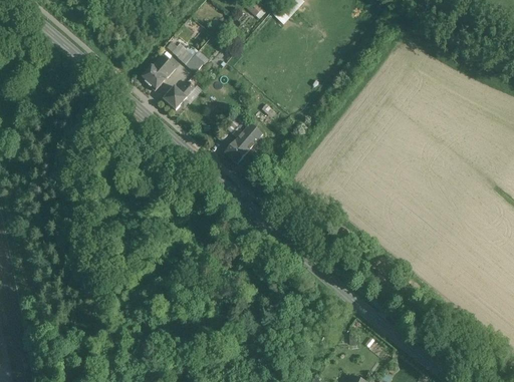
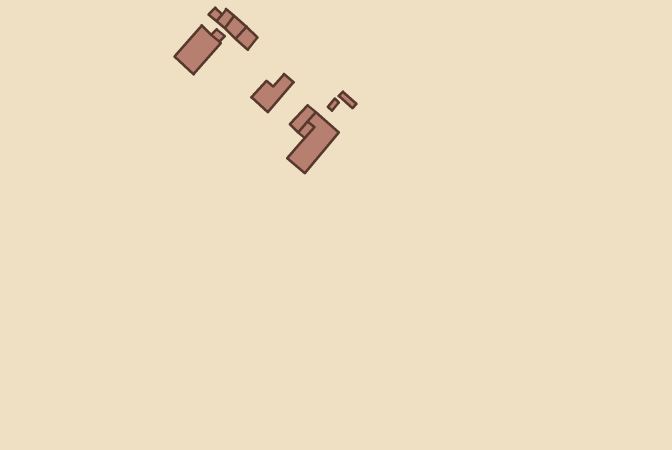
building: [163,81,194,109] -> [251,74,294,112]

